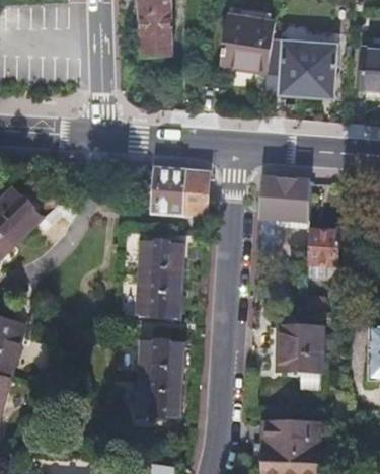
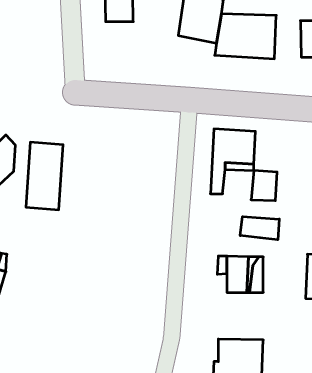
building: [154,170,209,216] -> none
building: [138,236,181,315] -> [26,142,63,210]
building: none -> [240,217,279,240]
building: [139,337,181,414] -> none

